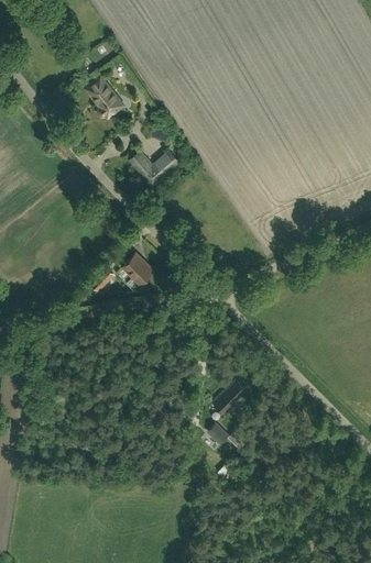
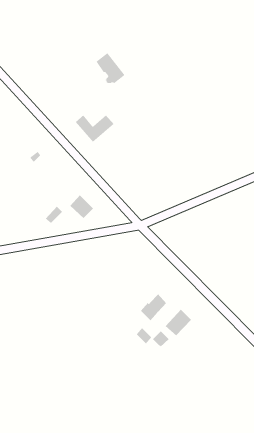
building: [85,76,123,117] -> [95,52,126,84]
building: none -> [165,309,192,336]

